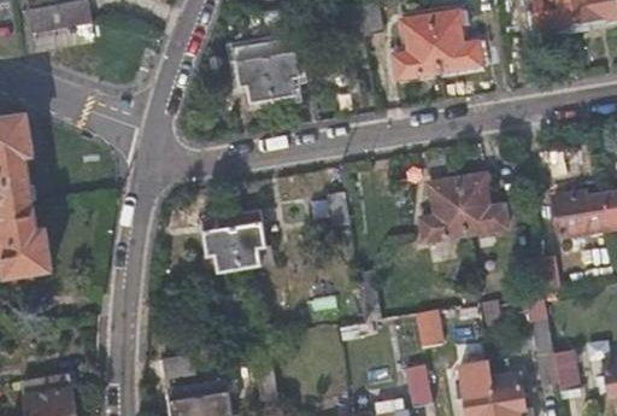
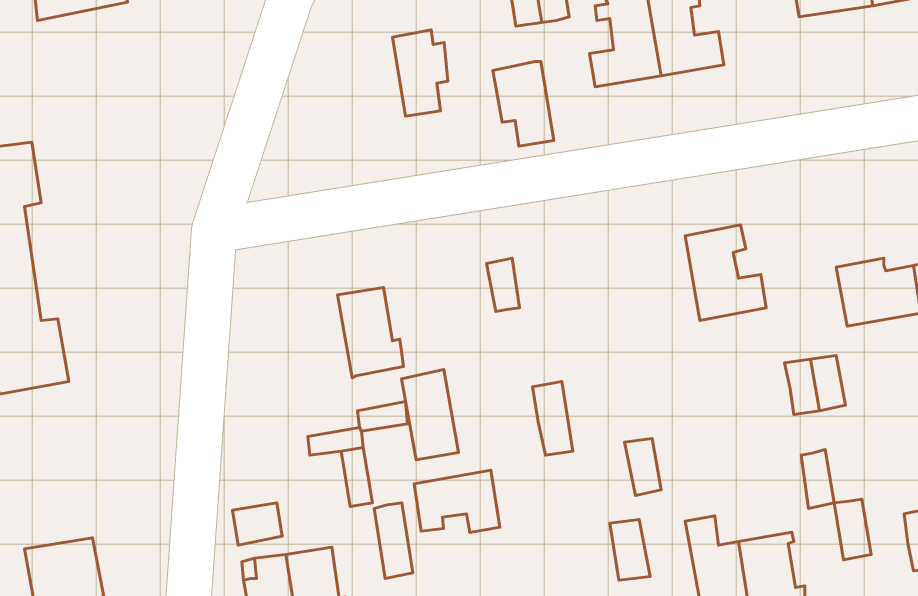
building: [233,46,272,101] -> [493,61,554,146]
building: [419,176,465,240] -> none
building: [200,215,237,274] -> [401,370,458,460]
building: none -> [414,470,500,533]

